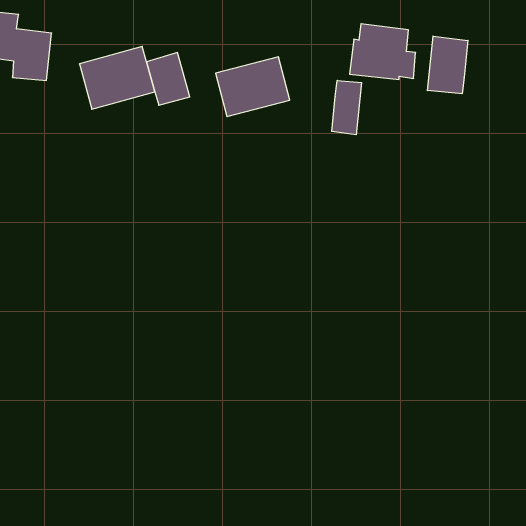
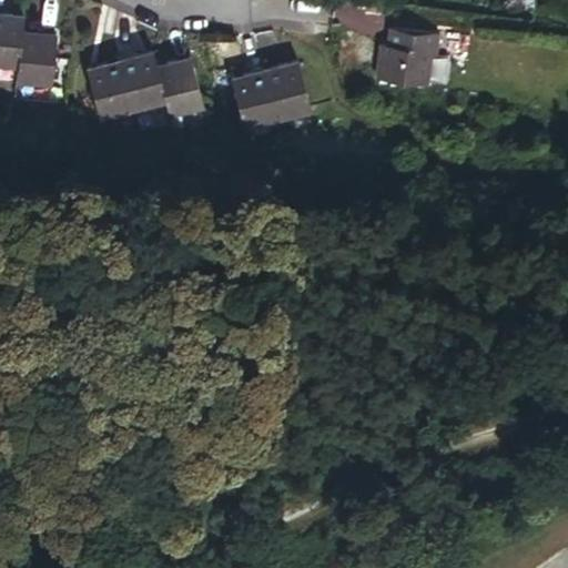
building: [427,36,468,94] -> none
building: [332,80,362,135] -> none

